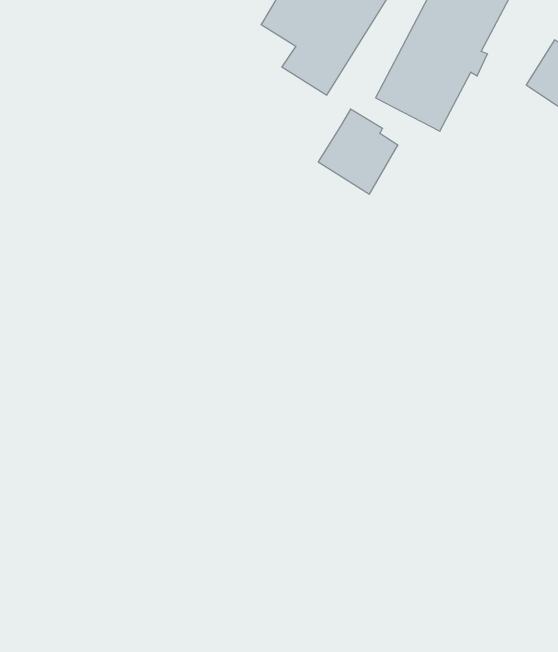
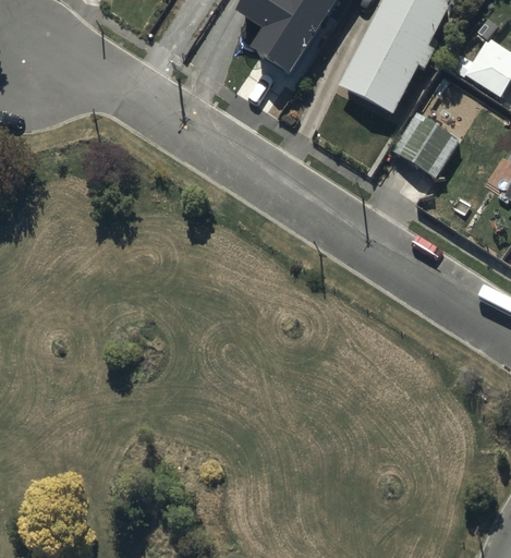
building: [318,109,398,194] -> [392,106,460,178]

